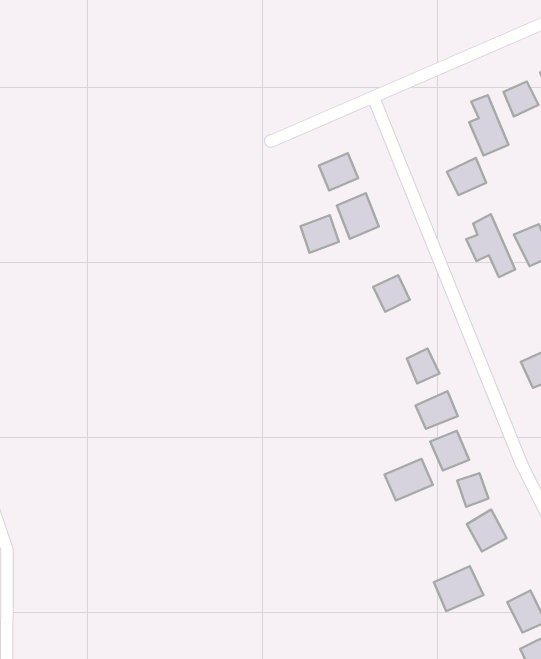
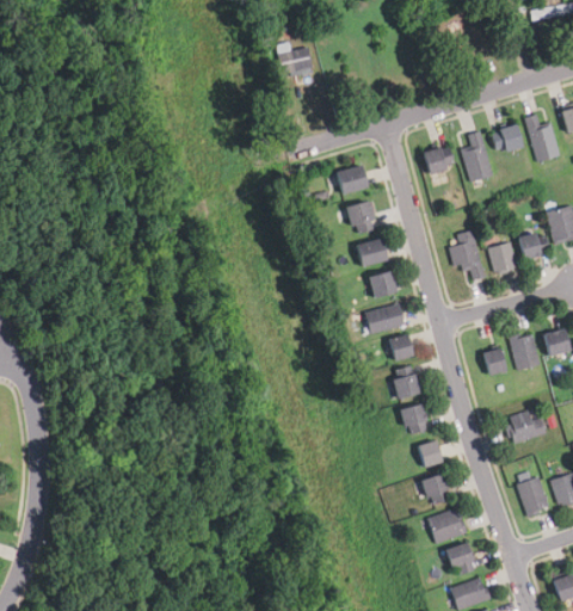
building: none -> [277,43,313,75]
building: [447,158,486,195] -> [421,144,452,173]
building: [301,215,339,253] -> [356,237,386,266]
building: none -> [364,304,403,333]
building: [385,459,433,501] -> none
building: [434,566,484,611] -> [429,507,468,542]

